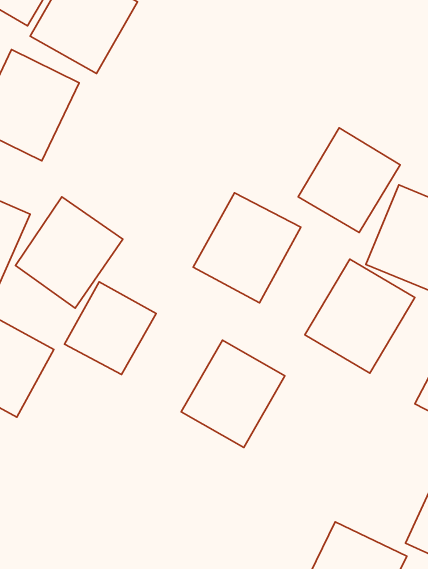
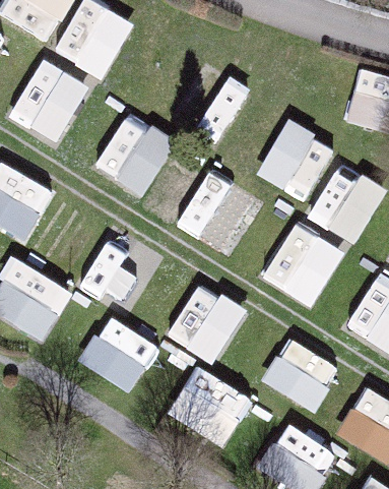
building: [15,197,123,308] -> [93,112,176,197]
building: none -> [79,316,158,392]
building: none -> [265,341,338,409]
building: none -> [167,365,253,448]

